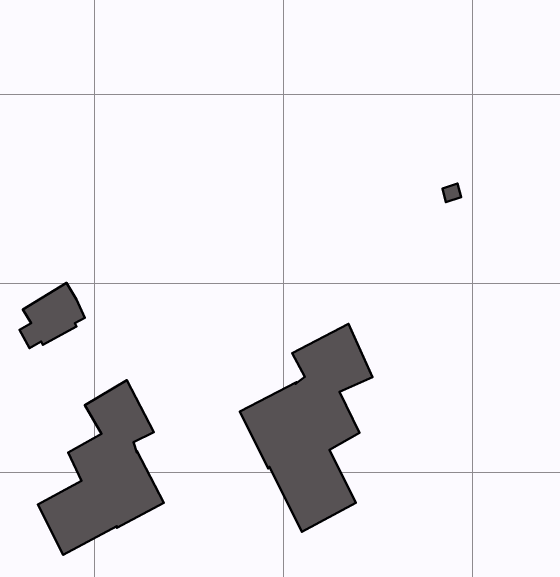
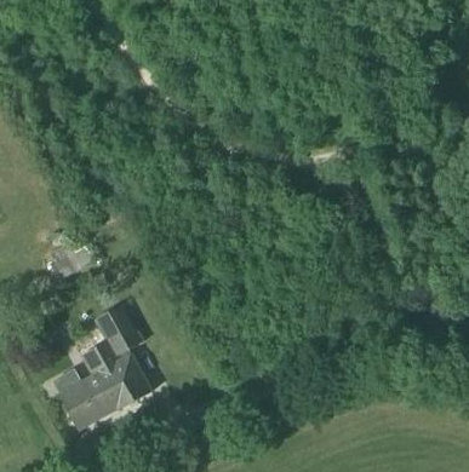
building: [240,324,372,532] -> none

